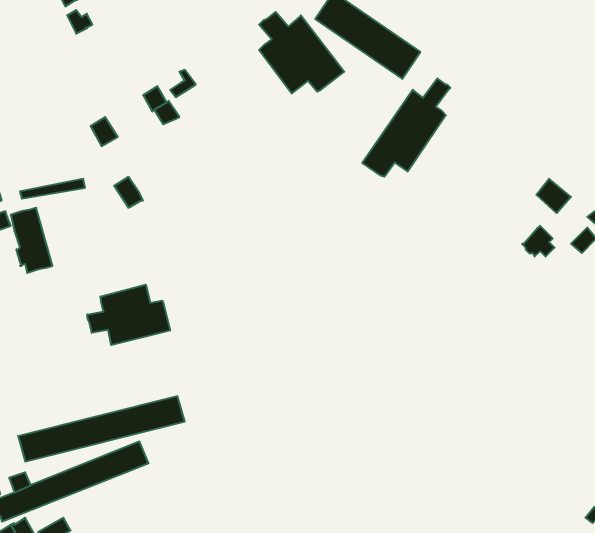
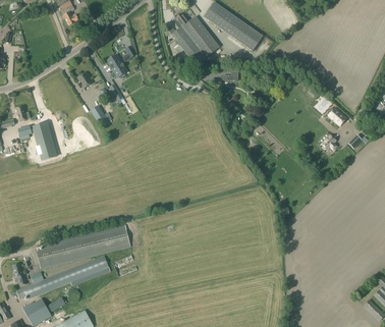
building: [362,78,450,177] -> none
building: [87,285,170,345] -> none

